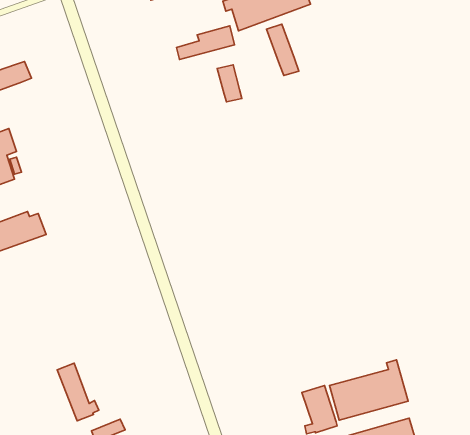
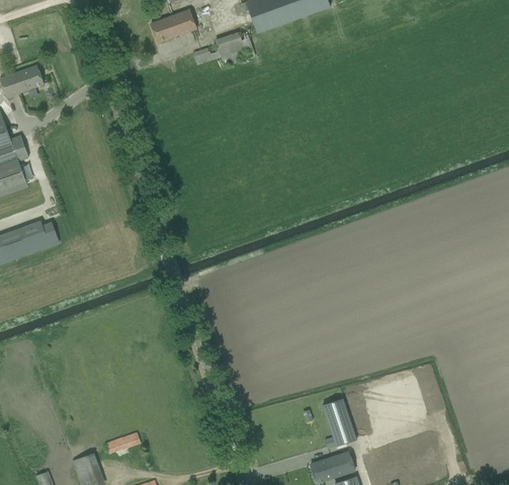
building: none -> [151,10,195,43]
building: [266,24,299,75] -> none
building: [217,65,242,102] -> none
building: [57,363,99,421] -> none

